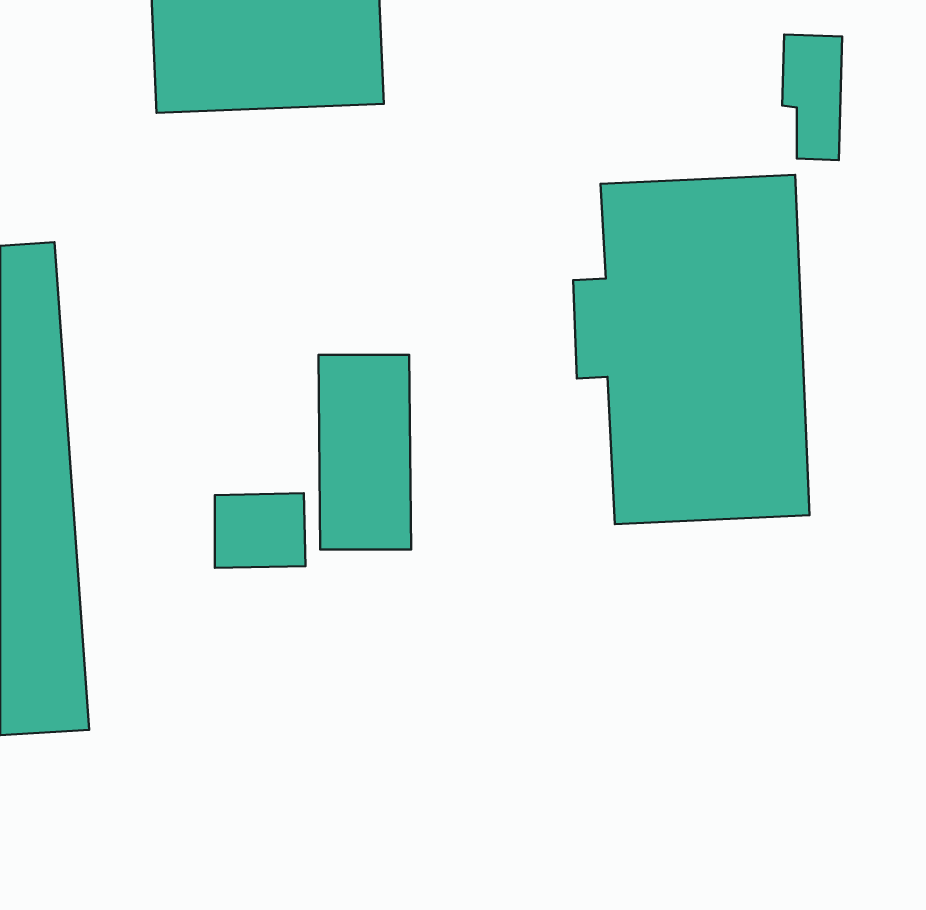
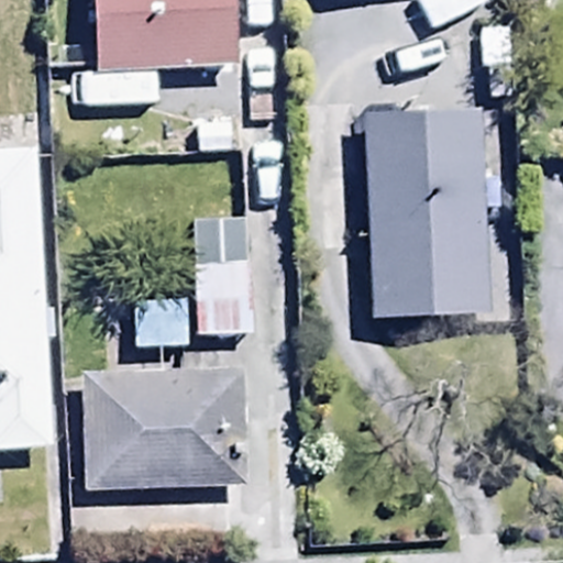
building: none -> [81,368,242,496]

